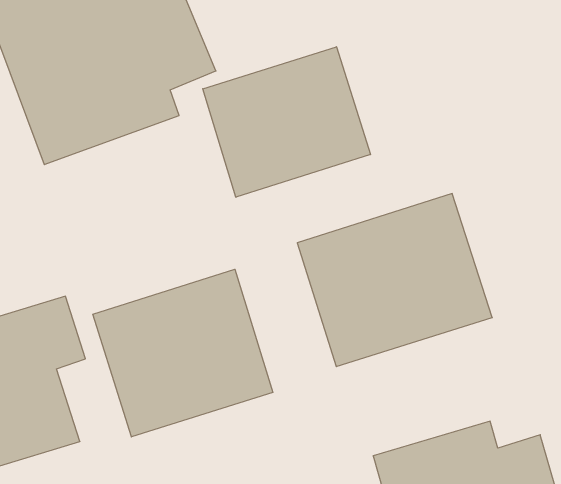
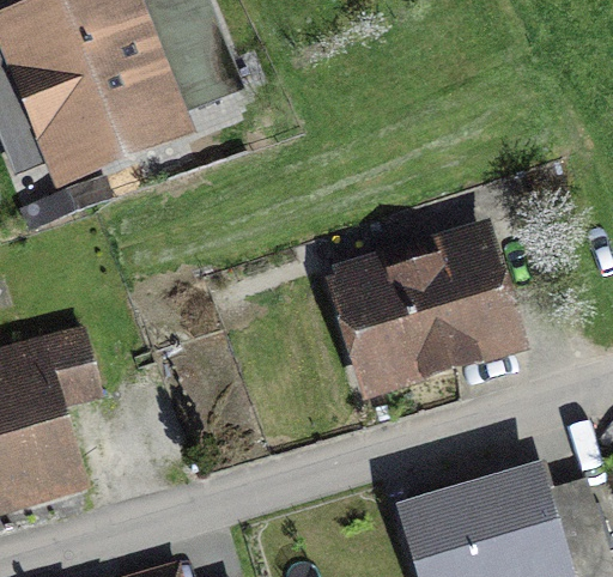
building: [203,47,370,197] -> none
building: [93,269,273,437] -> none

